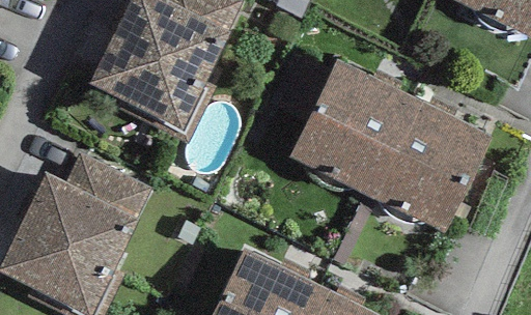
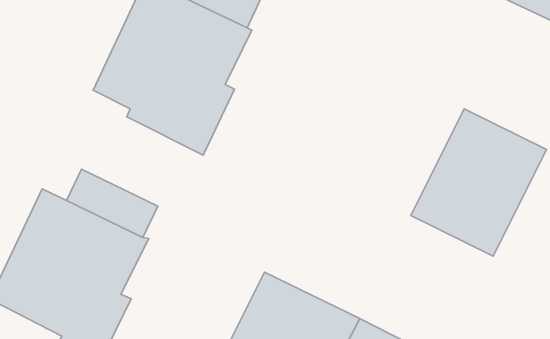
building: [289,58,422,196] -> none

